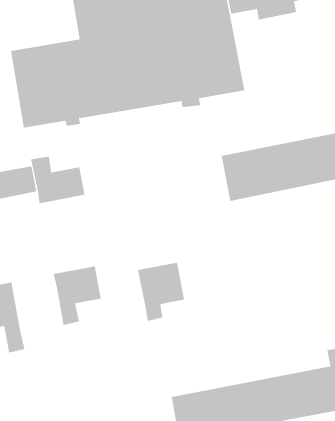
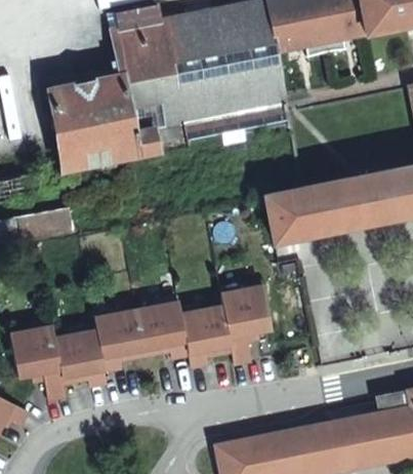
building: [31,156,85,204] -> none
building: none -> [220,285,271,363]
building: none -> [137,302,189,358]
building: none -> [53,330,106,387]

